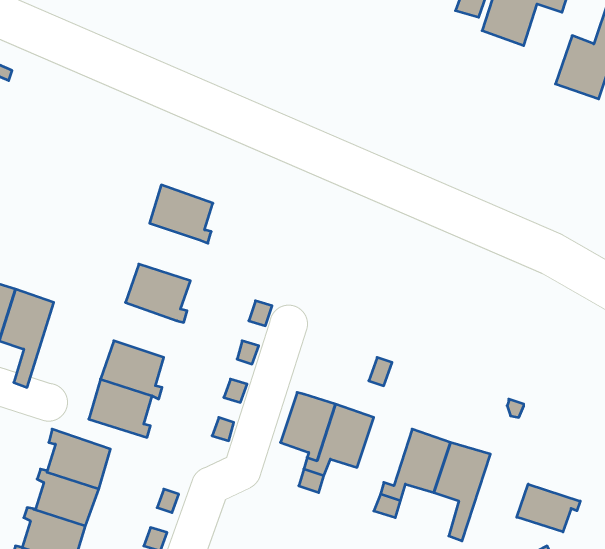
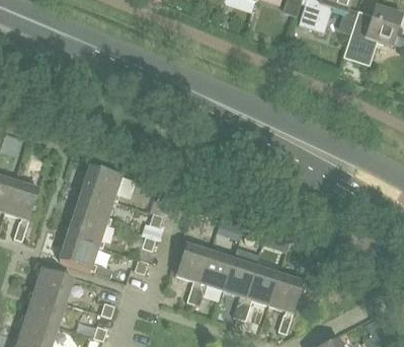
building: [150,185,213,243] -> [75,188,113,223]
building: none -> [223,258,256,299]
building: [517,484,580,532] -> none

